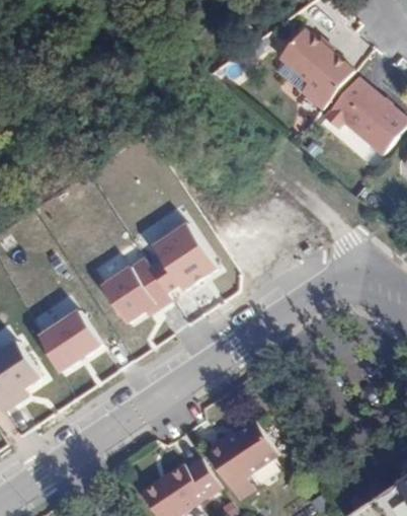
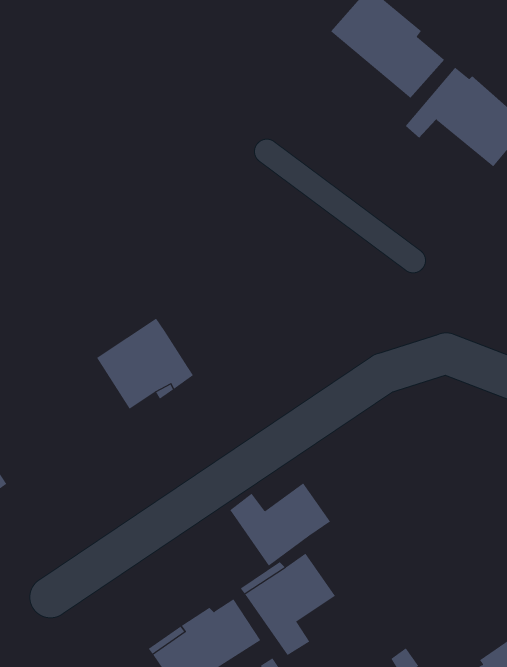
building: [151,224,217,293] -> none
building: [38,310,101,372] -> none
building: none -> [229,482,331,566]

